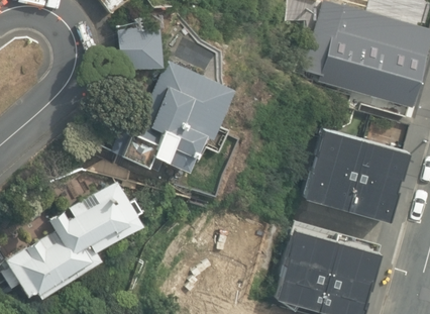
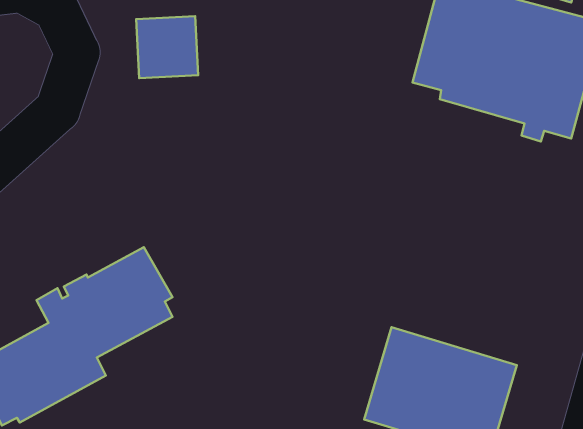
building: [113,60,235,169] -> none
building: [303,127,408,221] -> none

